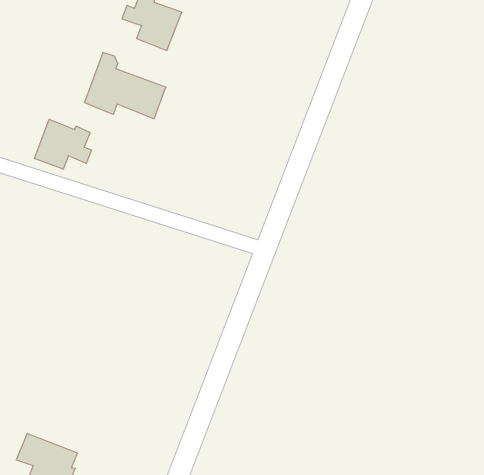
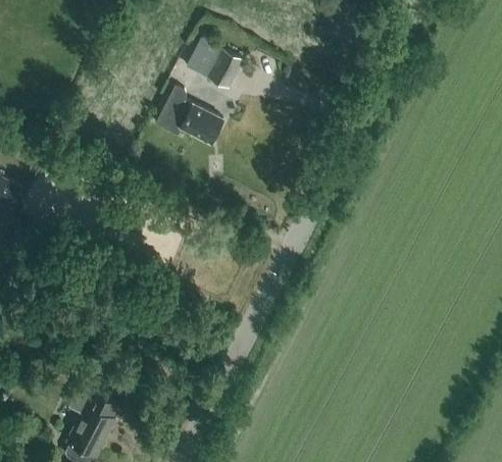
building: [34,119,92,169] -> none

